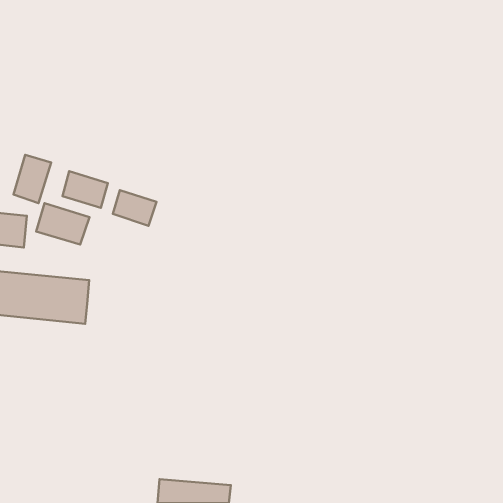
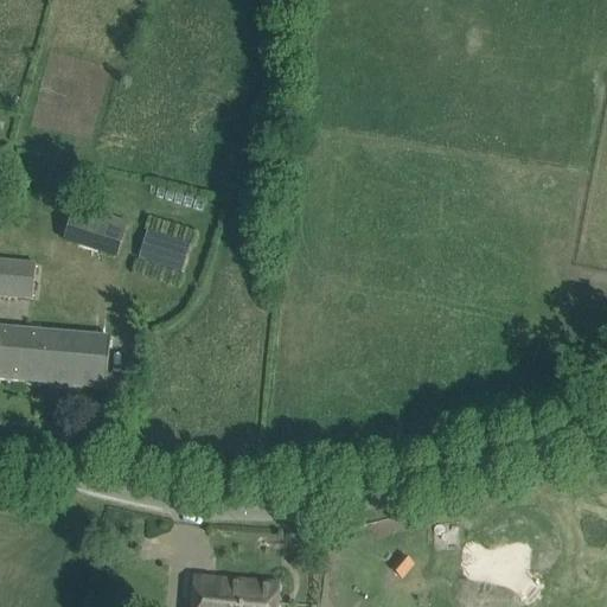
building: [13,155,51,203] -> none
building: [36,203,89,245] -> none

